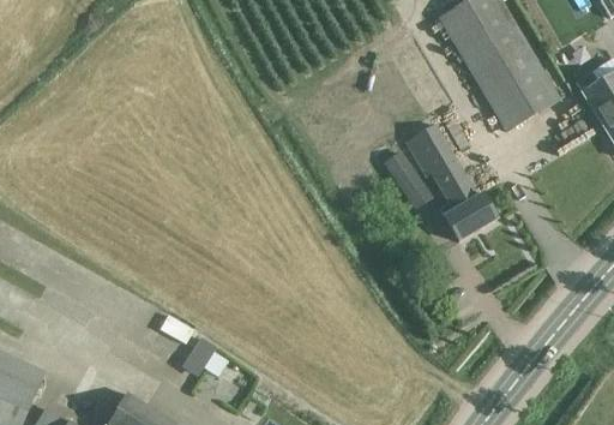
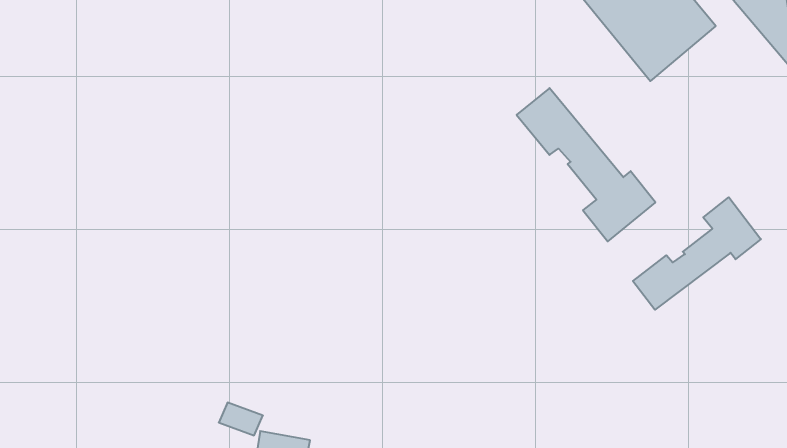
building: [383,151,432,209] -> none
building: none -> [633,197,761,310]

